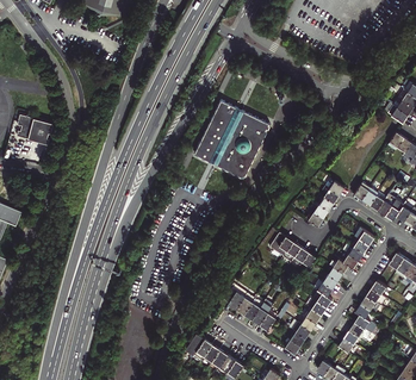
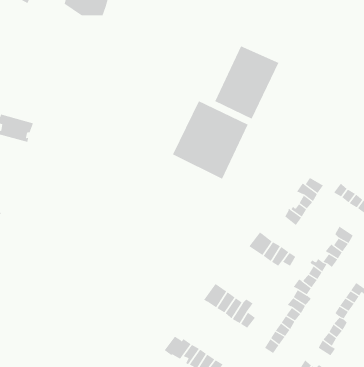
building: none -> [214,45,279,119]

